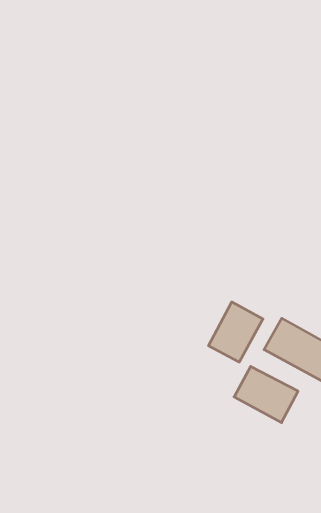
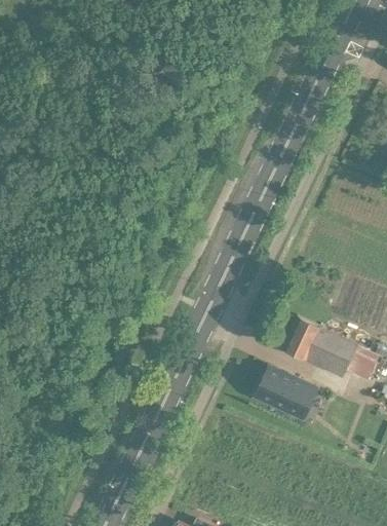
building: [209,302,263,362] -> none

